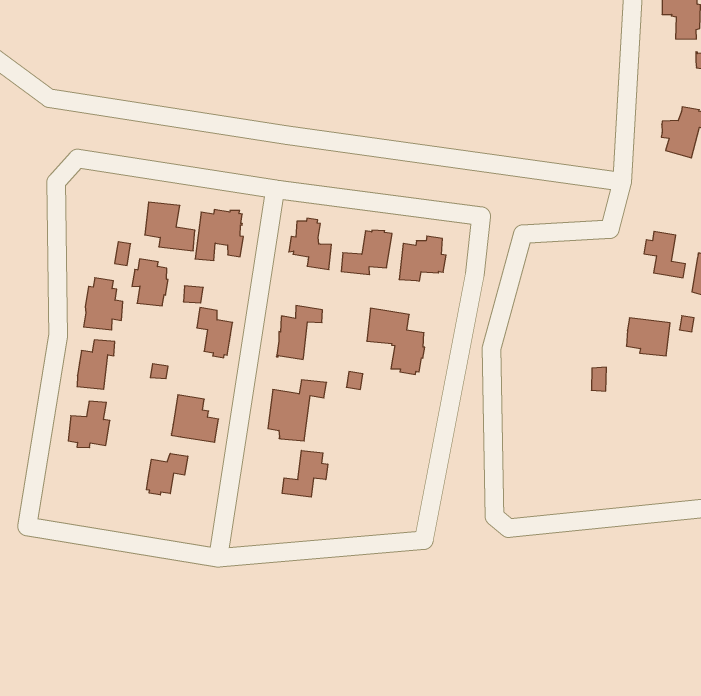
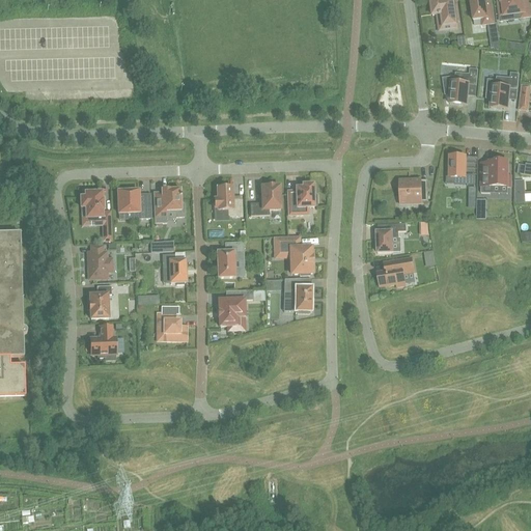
building: [132,259,168,306] -> [81,188,104,217]
building: none -> [375,222,407,252]
building: [626,318,670,356] -> [400,178,428,201]
building: none -> [378,256,414,285]
building: none -> [284,277,312,312]
building: [282,450,328,497] -> none
building: [146,453,188,495] -> none

